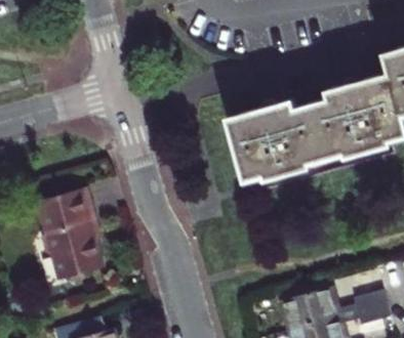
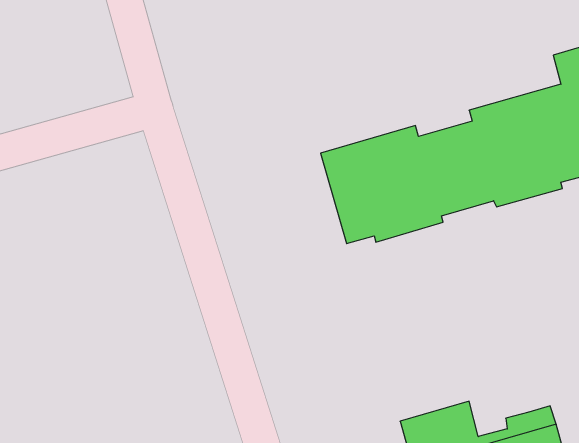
building: [36,191,102,283] -> none

